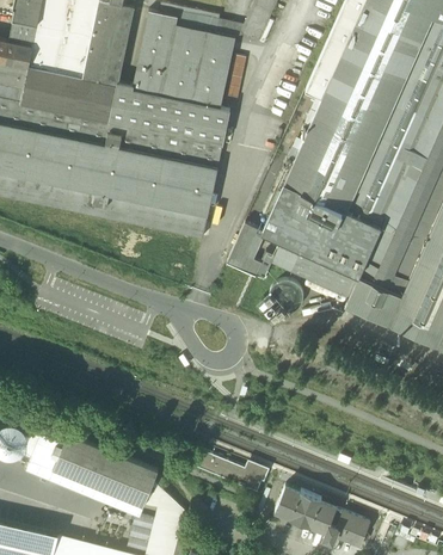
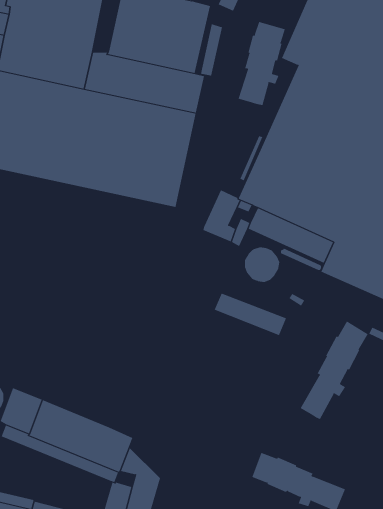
building: none -> [238,21,286,106]
building: none -> [300,321,368,420]
building: [195,448,267,491] -> [214,293,287,336]

